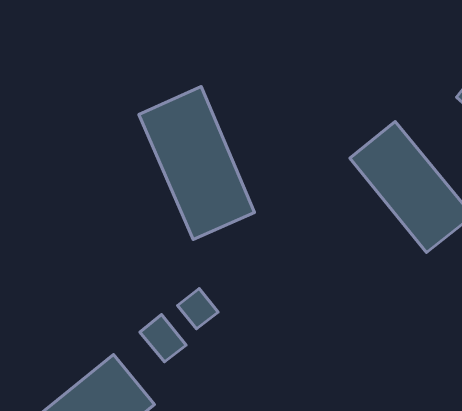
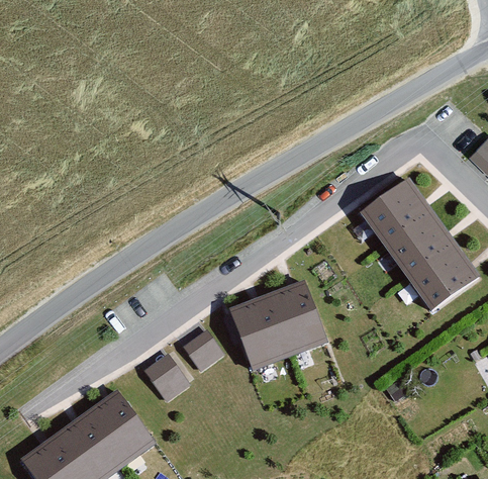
building: [139,87,255,239] -> none
building: none -> [229,282,326,369]

